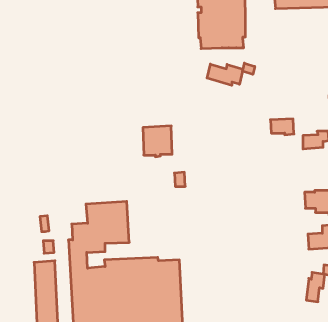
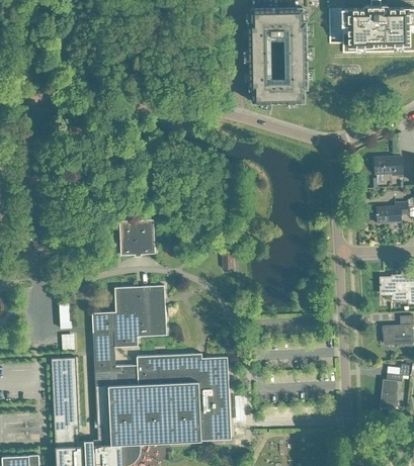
building: [207,63,255,85] -> none
building: [270,119,294,135] -> [374,157,402,176]
building: [143,126,172,157] -> [119,219,155,257]

